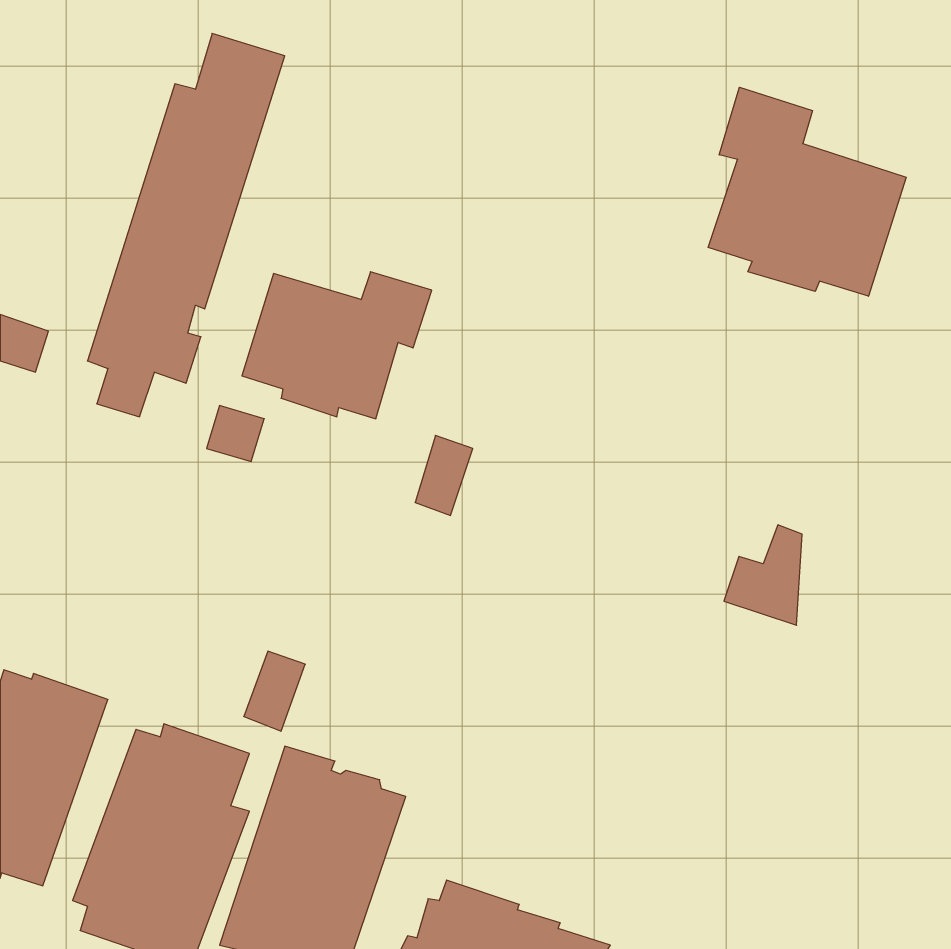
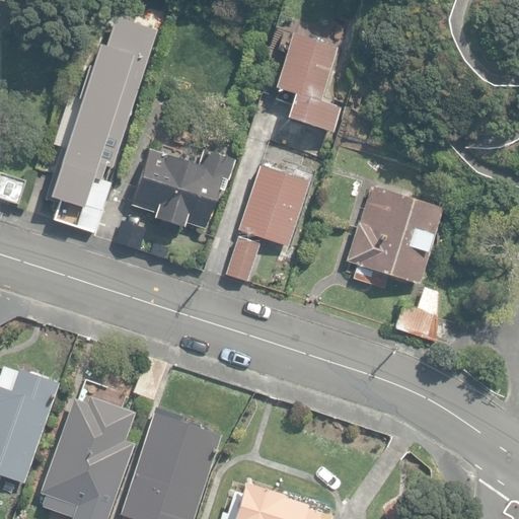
building: none -> [276,33,340,132]
building: [708,87,906,296] -> none
building: none -> [238,166,309,246]
building: none -> [348,184,443,289]

